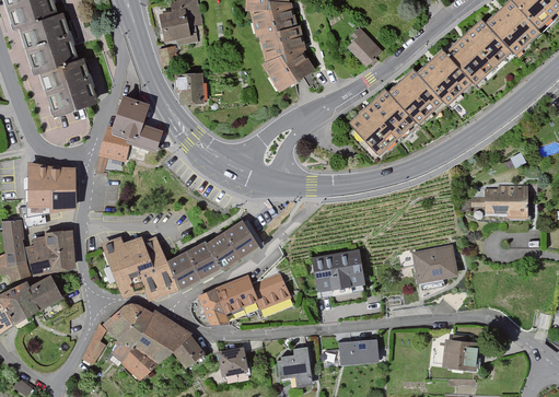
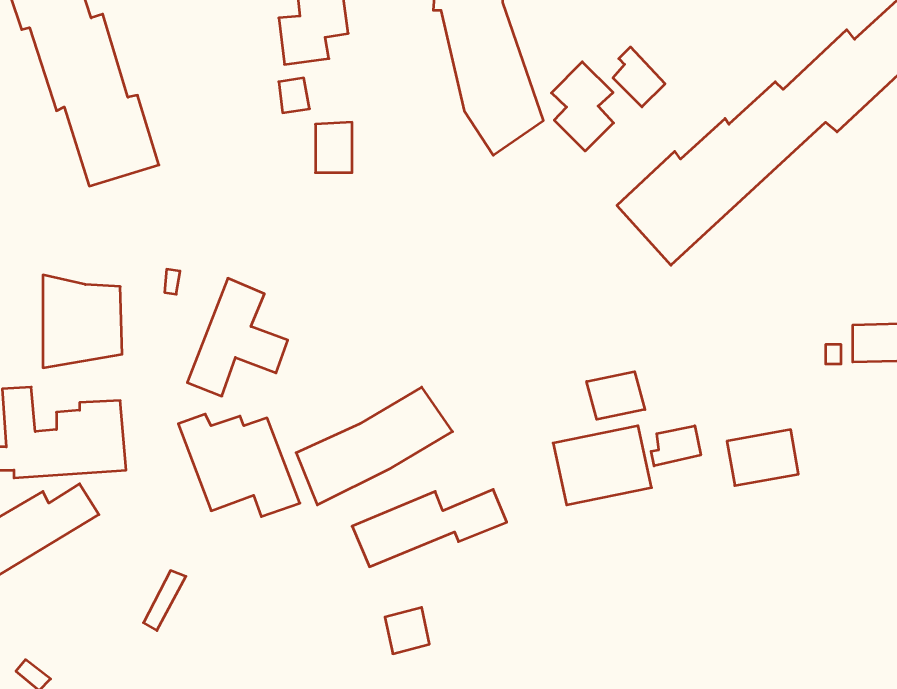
building: none -> [551,62,614,151]
building: [103,93,160,160] -> [187,278,288,396]
building: none -> [587,372,645,419]
building: none -> [651,426,701,466]
building: [107,306,201,380] -> none
building: [443,338,478,367] -> none
building: [341,339,379,361] -> none
building: [279,347,310,384] -> none

